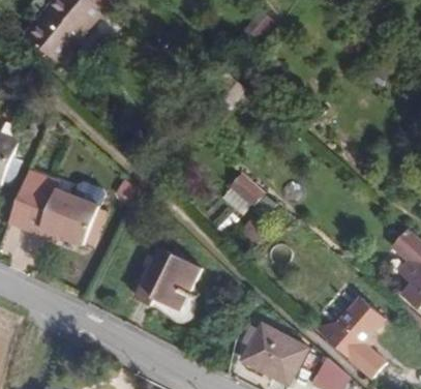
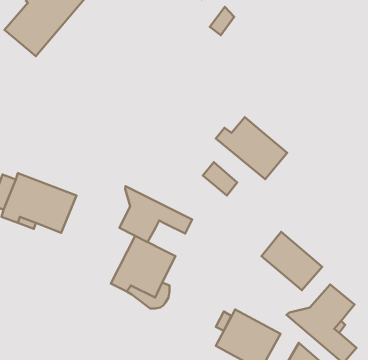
building: none -> [216,117,287,179]
building: none -> [120,186,192,242]
building: none -> [261,232,322,290]

